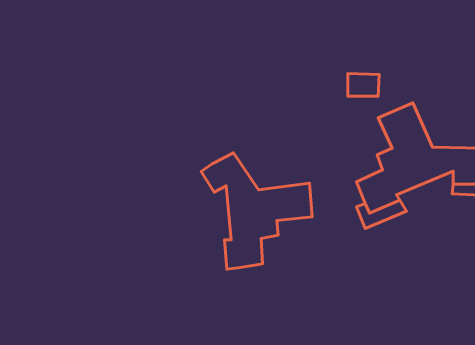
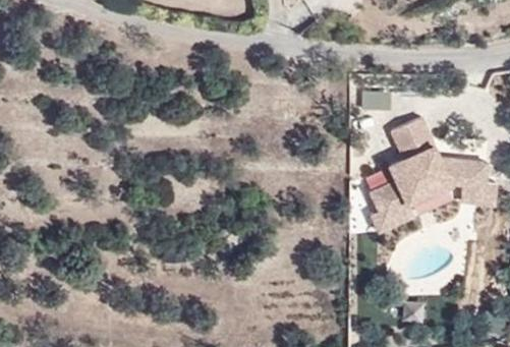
building: [201,153,312,269] -> none

